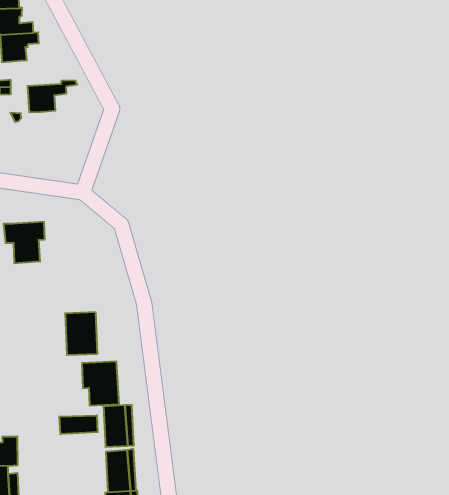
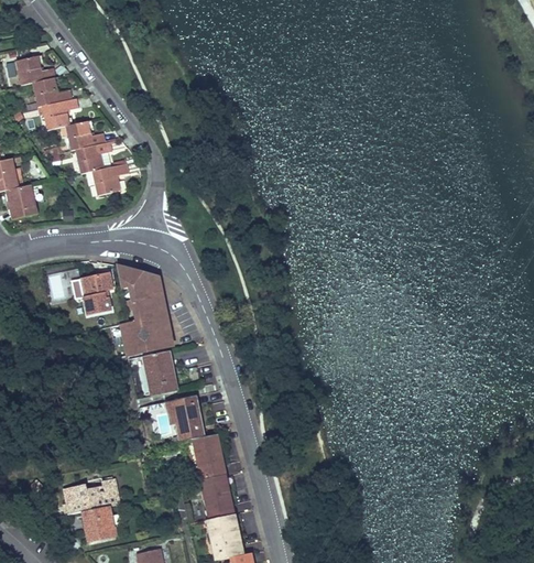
building: none -> [64,120,105,150]
building: none -> [90,159,128,195]
building: none -> [117,264,173,355]
building: [59,415,98,434] -> none

